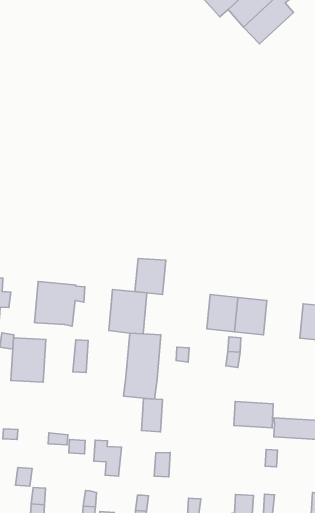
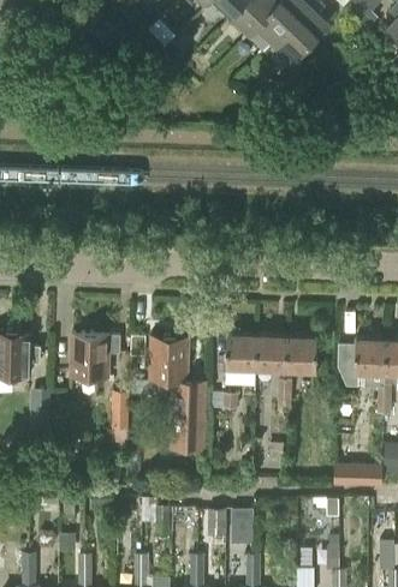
building: [135,258,166,294] -> [225,336,256,373]
building: [11,338,46,382] -> none
building: [141,398,162,432] -> [233,509,254,544]
building: [234,401,273,428] -> none

